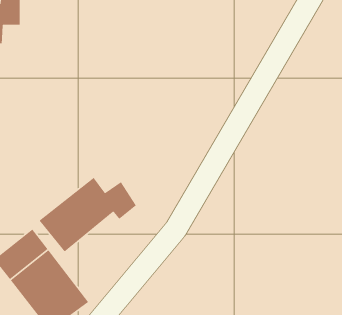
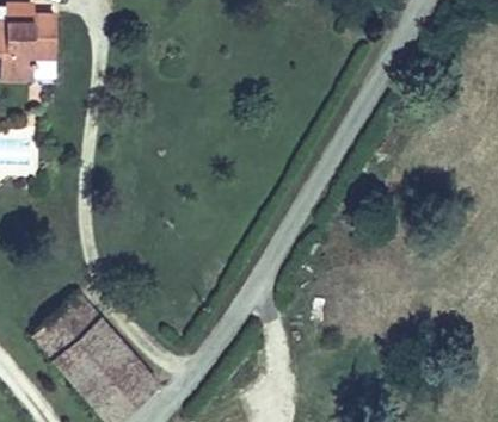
building: [39,177,137,253] -> none

